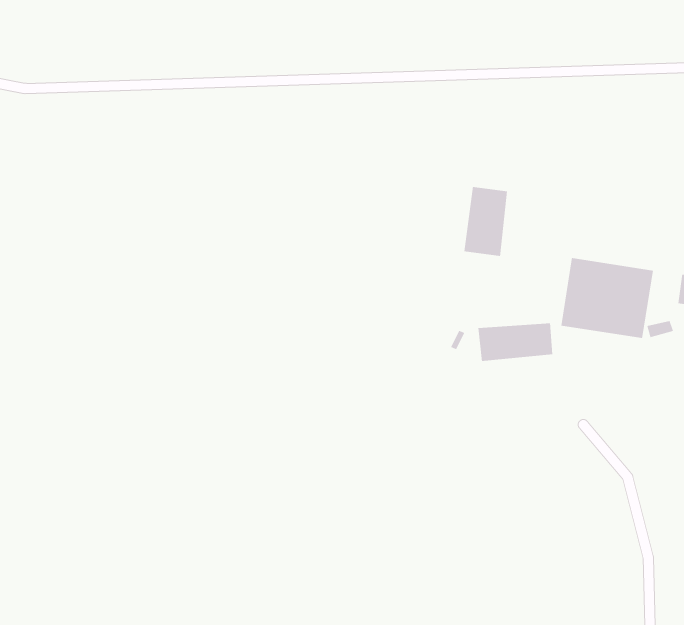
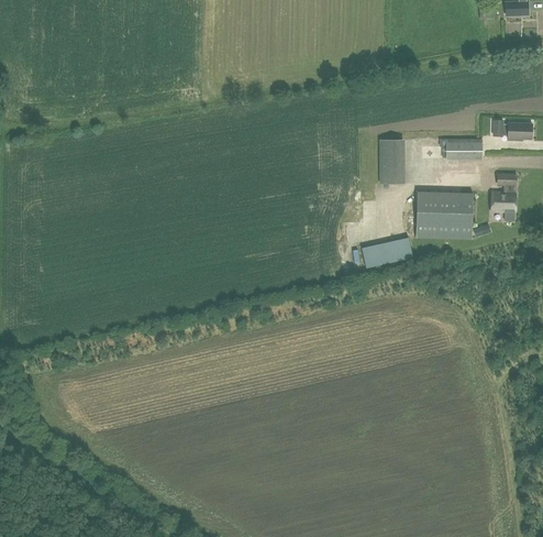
building: none -> [445,139,481,160]
building: [463,186,508,257] -> [379,140,405,184]

